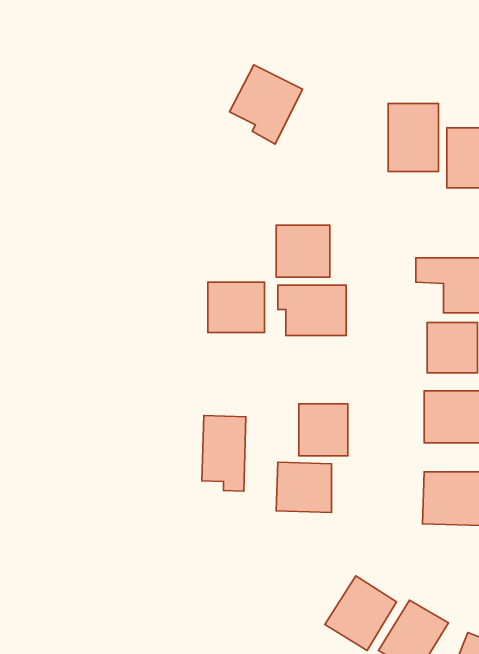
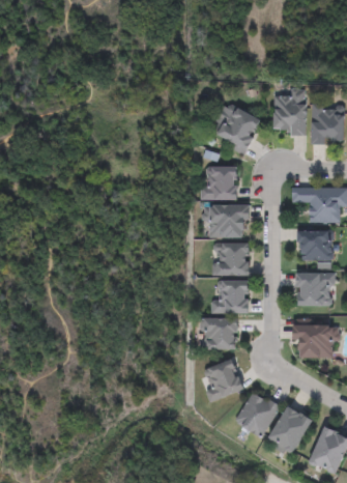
building: [230,65,303,144] -> [213,105,260,155]
building: [208,282,265,332] -> [211,244,248,276]
building: [202,416,246,491] -> none
building: none -> [205,360,243,401]

